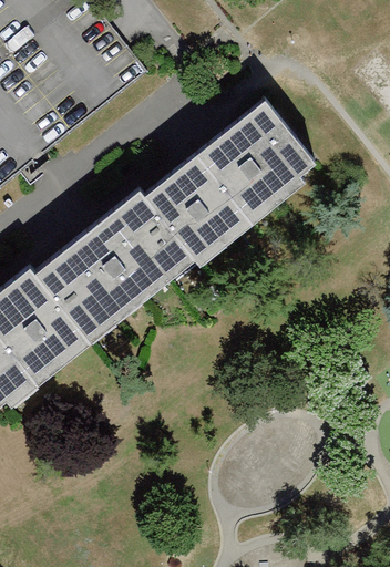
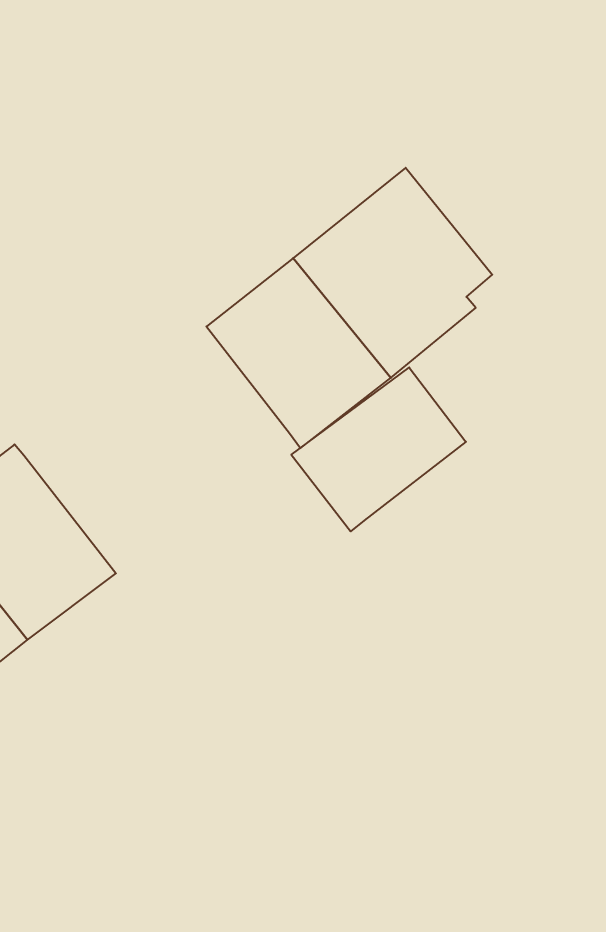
building: [33,189,193,344] -> none
building: none -> [291,367,466,531]

